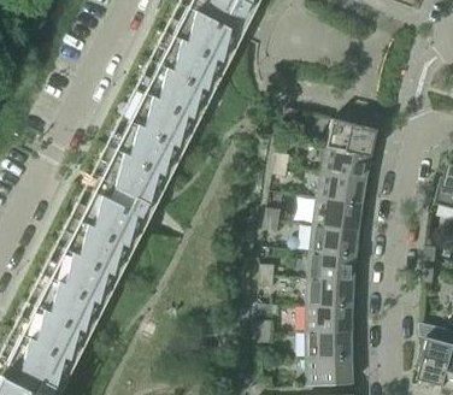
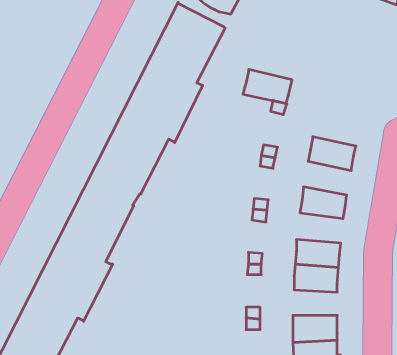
building: [326,120,377,155] -> [243,69,292,103]
building: [317,171,366,206] -> none
building: [310,224,358,255] -> none
building: [306,303,352,330] -> none

